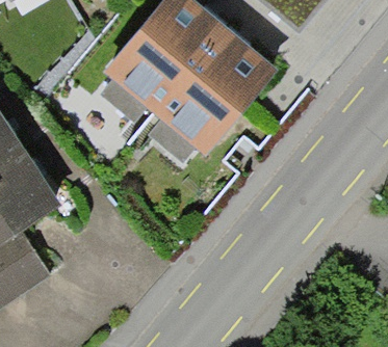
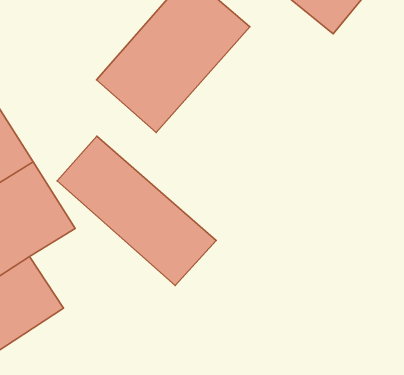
building: [139,26,276,166] -> none
building: none -> [57,136,216,285]

